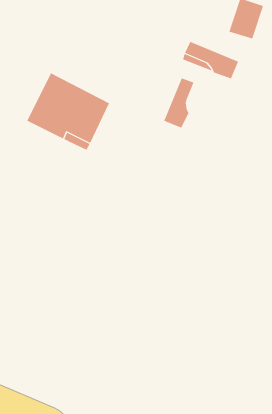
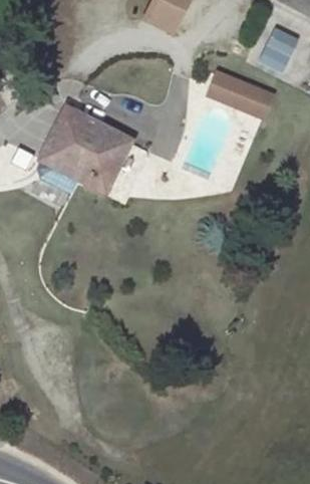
building: [164,77,194,128] -> none

